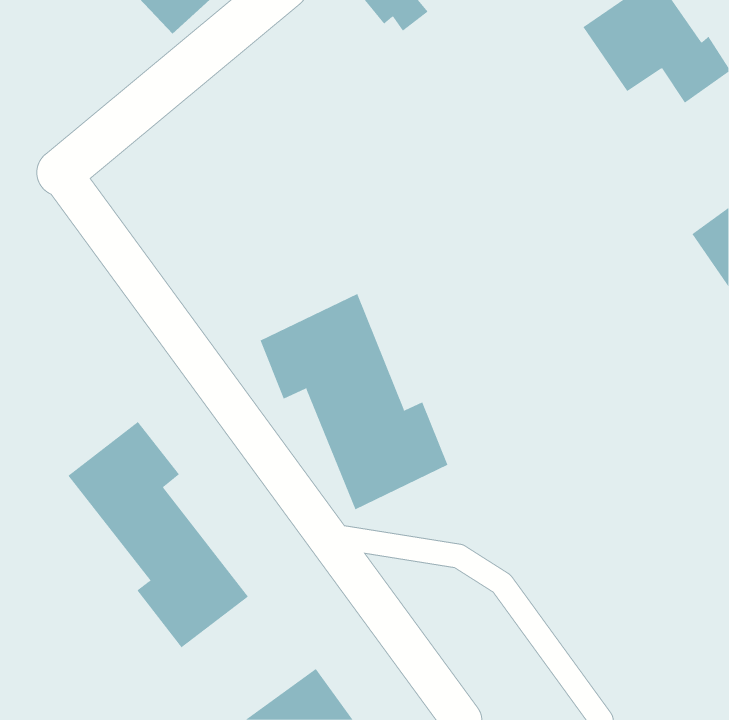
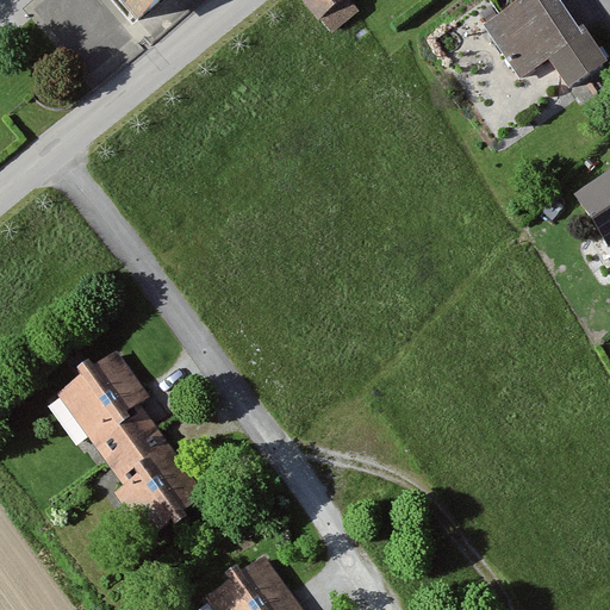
building: [260,293,448,510] -> none

